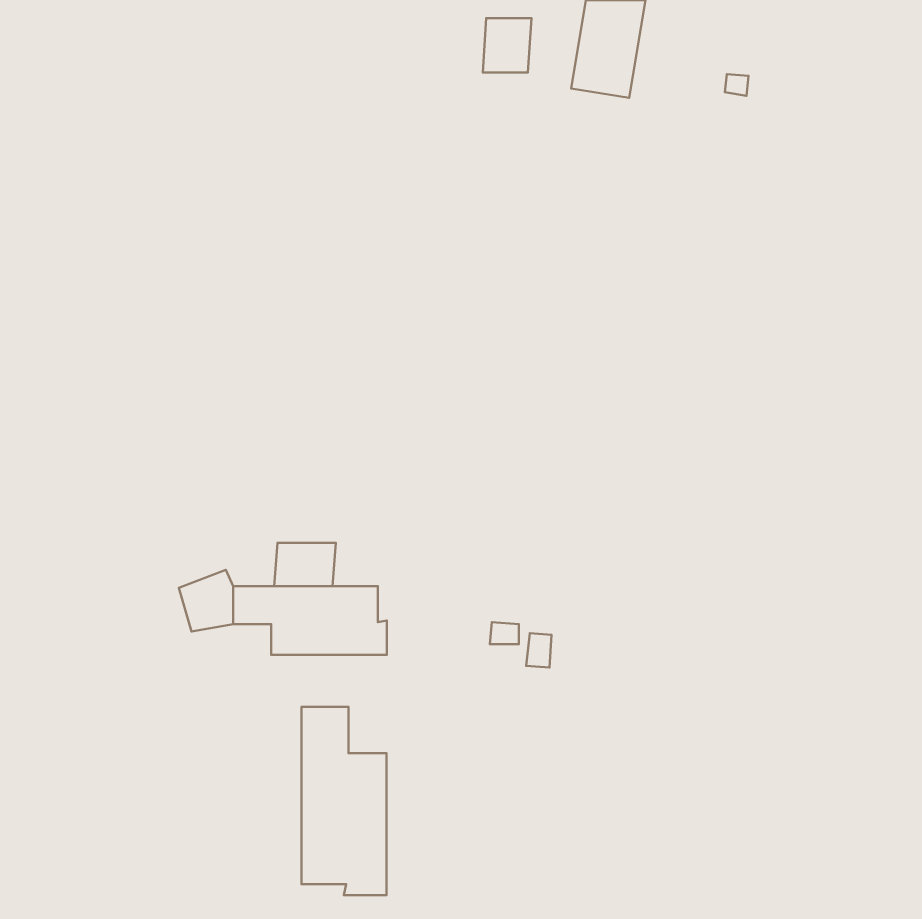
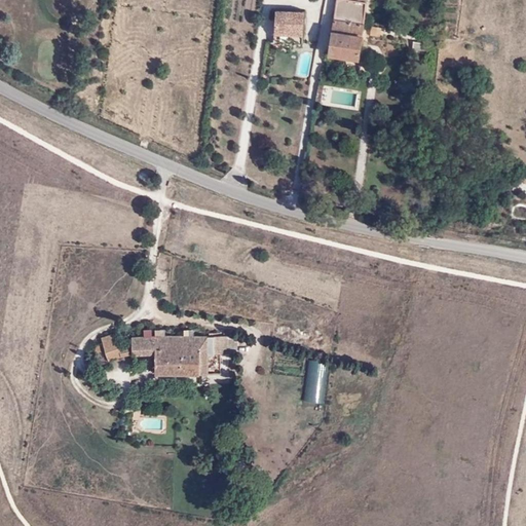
building: [274,543,336,586] -> none
building: [302,707,386,895] -> none

